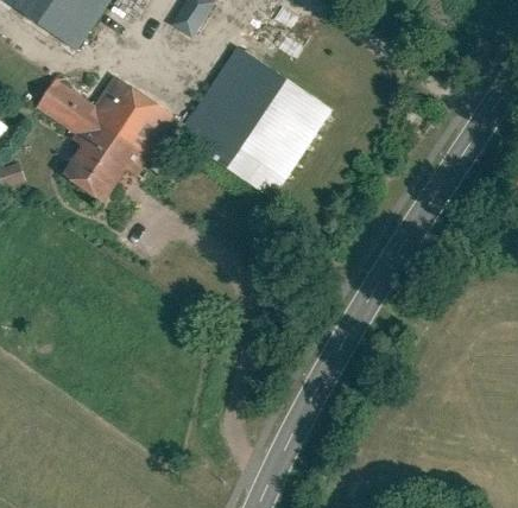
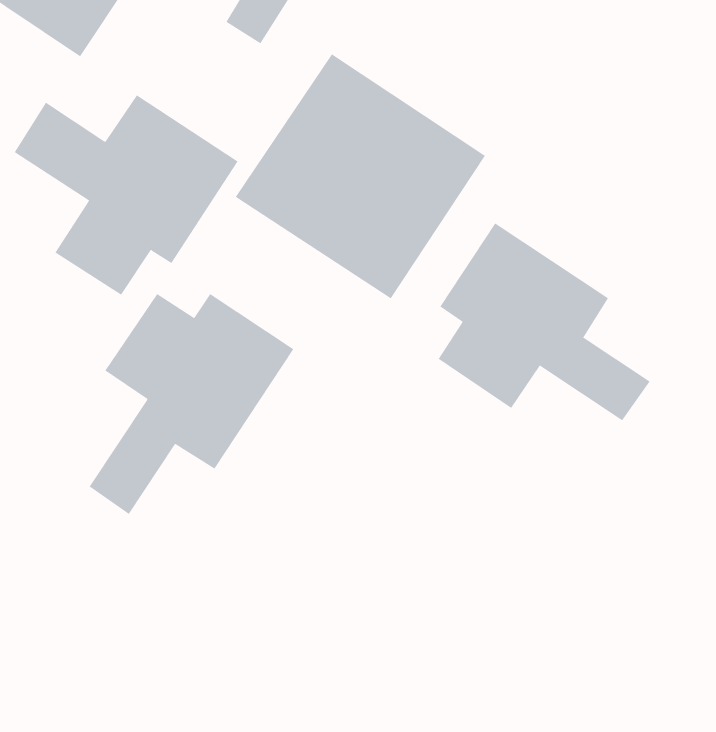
building: none -> [438,222,650,421]
building: none -> [89,293,294,515]

